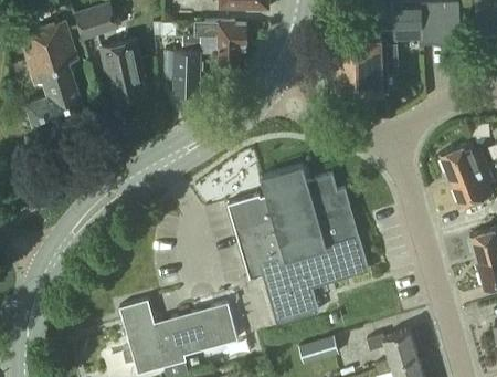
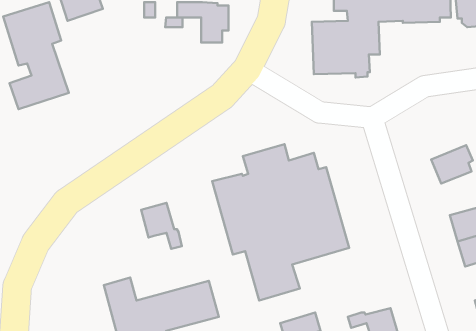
building: [101,40,146,102] -> none
building: [165,51,200,93] -> none
building: [441,143,486,180] -> none
building: none -> [141,203,182,249]

